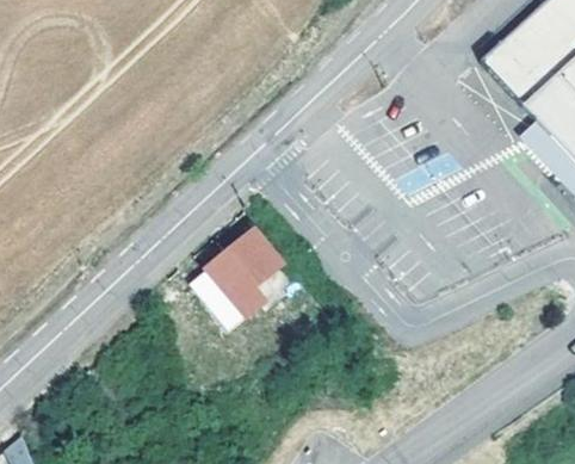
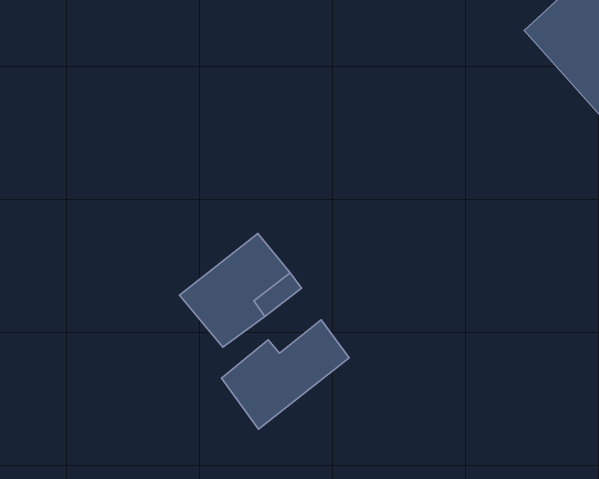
building: none -> [222,320,349,429]

